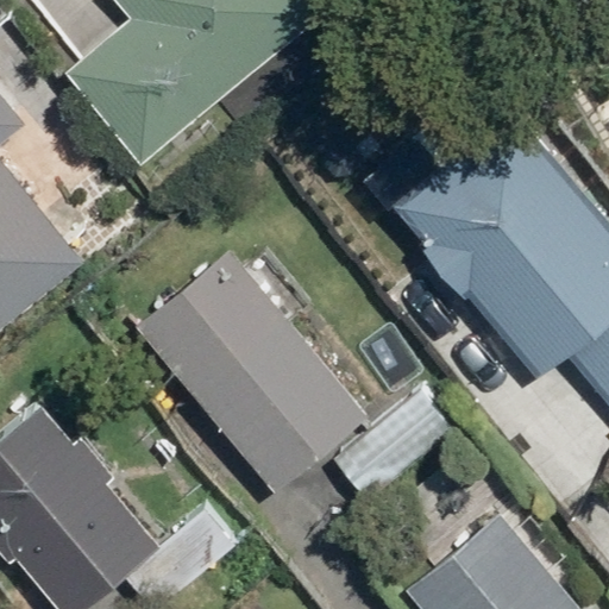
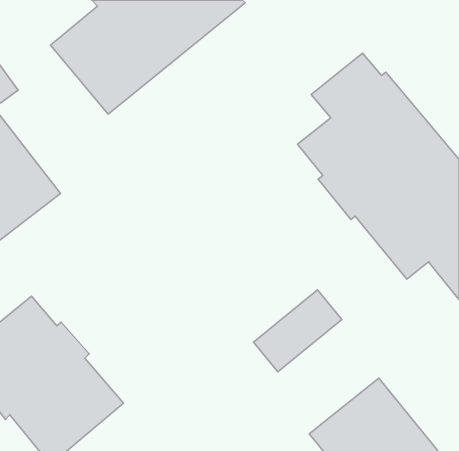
building: [136,249,366,494] -> none

